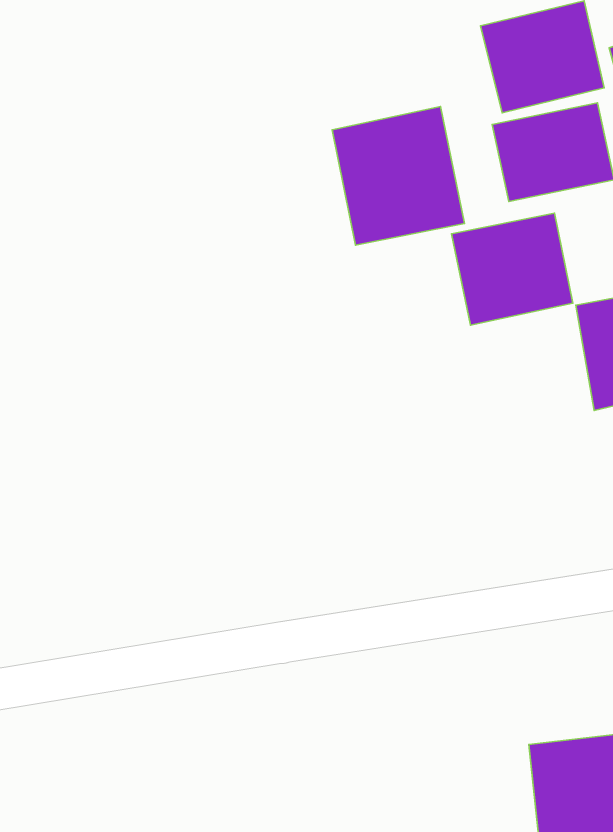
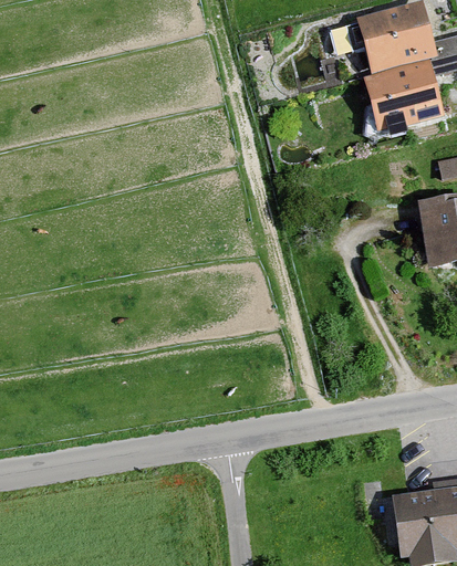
building: [332,106,465,245] -> none
building: [452,213,573,325] -> none

